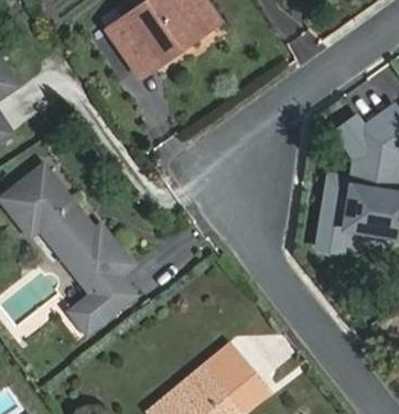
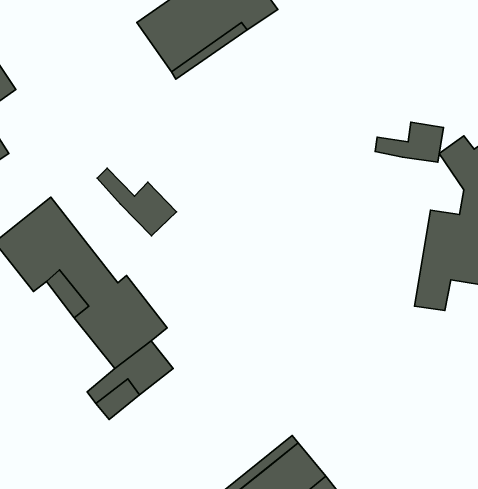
building: none -> [375,122,443,162]
building: none -> [97,168,176,236]

